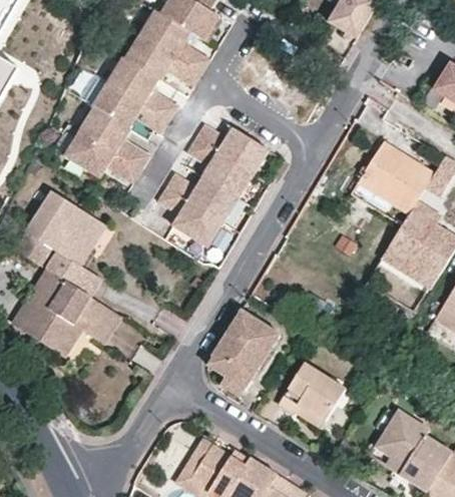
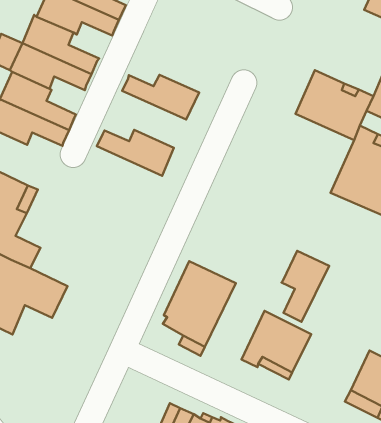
building: [186,139,252,198] -> none
building: [156,188,222,247] -> none
building: none -> [282,251,329,322]

